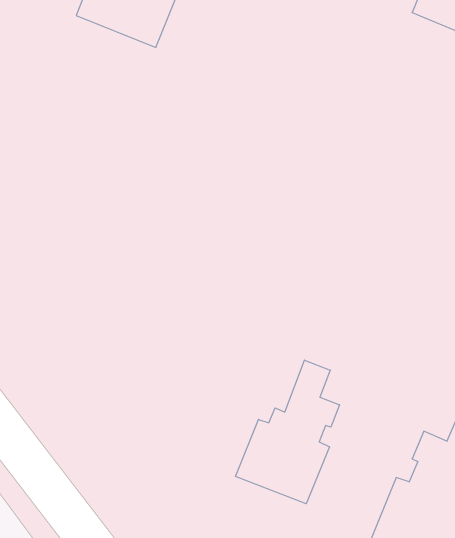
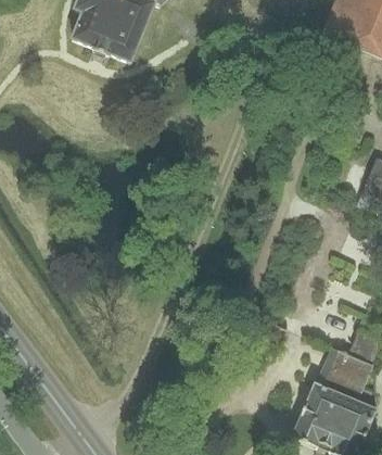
building: [235,360,340,504] -> none

